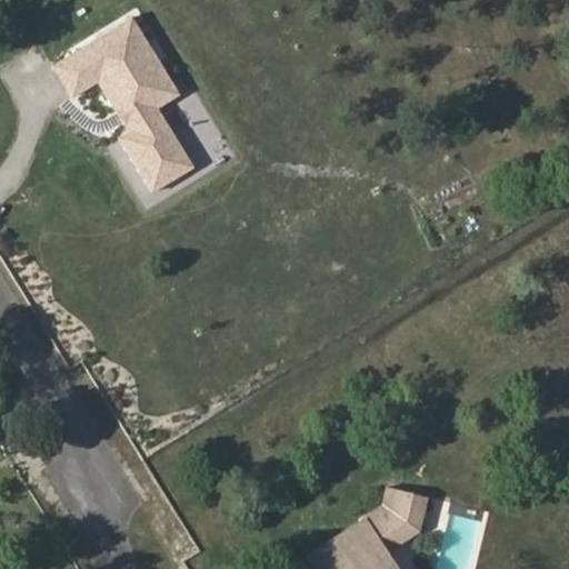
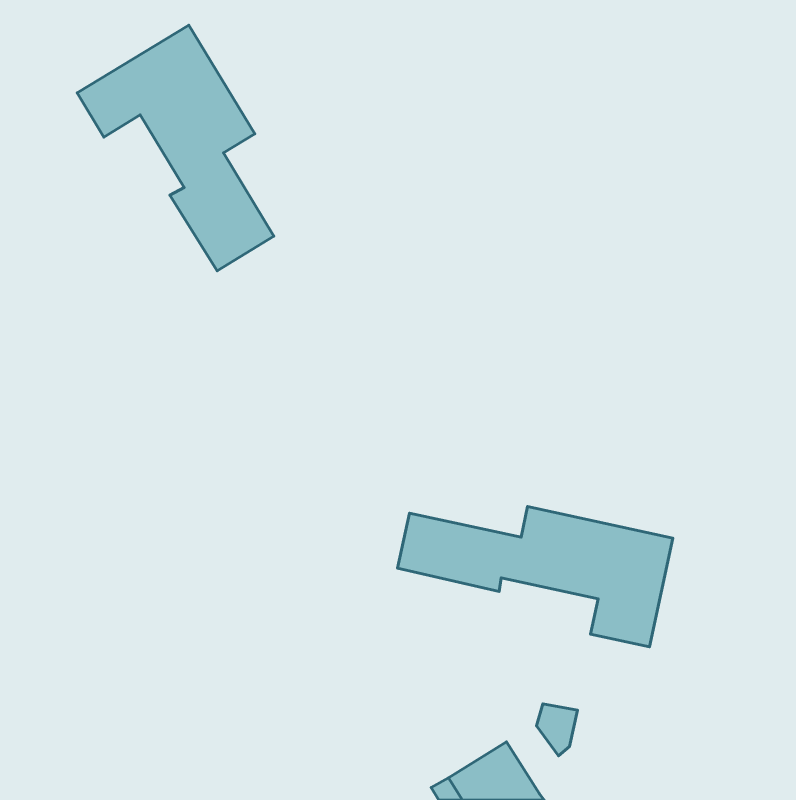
building: none -> [397,507,673,647]
building: [358,501,422,560] -> none

